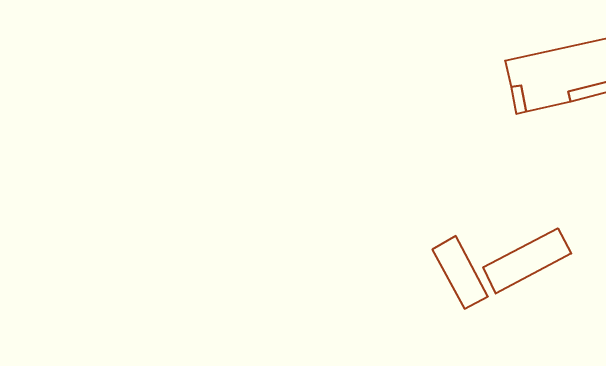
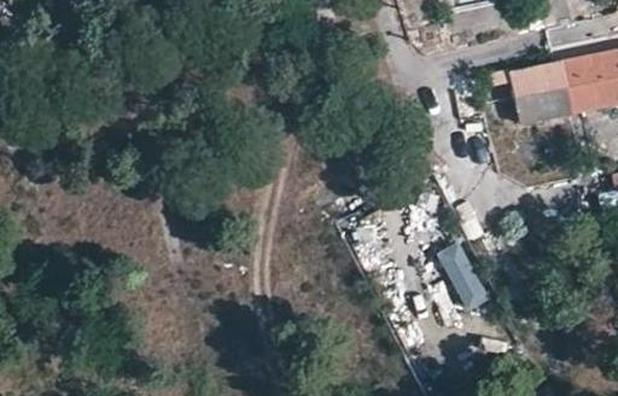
building: [483,228,571,294] -> none

